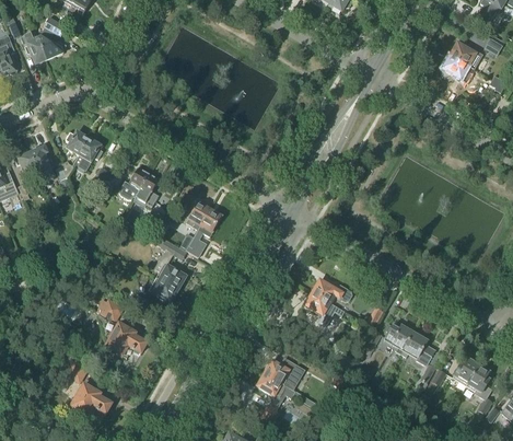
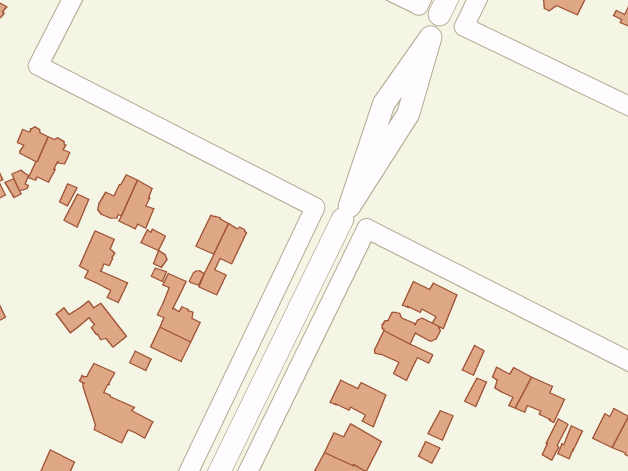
building: none -> [79,231,128,303]
building: none -> [56,301,126,347]
building: none -> [402,281,457,329]
building: none -> [330,380,386,427]

